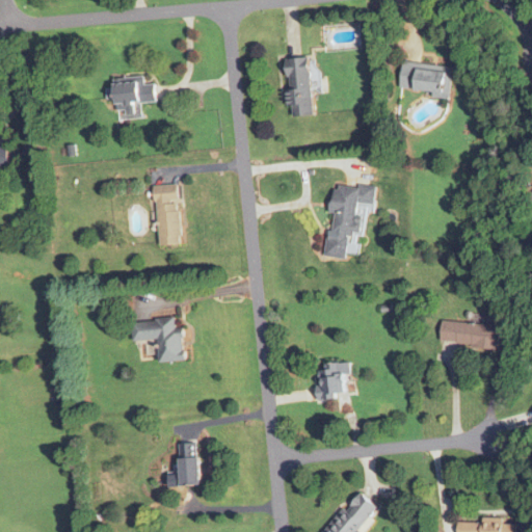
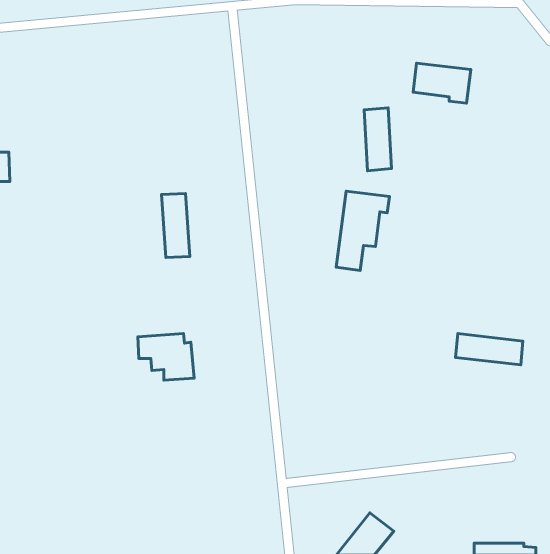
building: [284,57,310,117] -> [364,108,391,171]
building: [110,76,155,109] -> none
building: [318,364,348,398] -> none
building: [178,444,201,488] -> none

